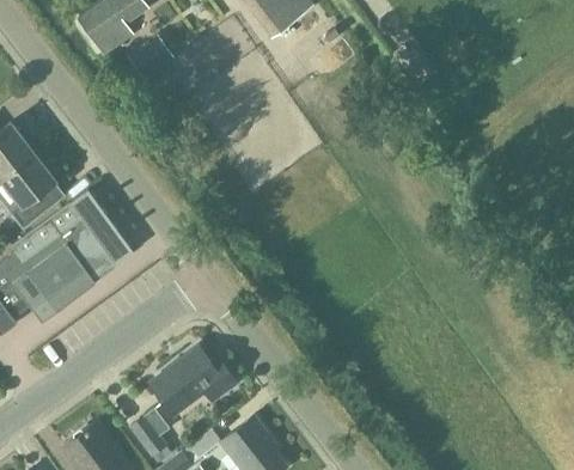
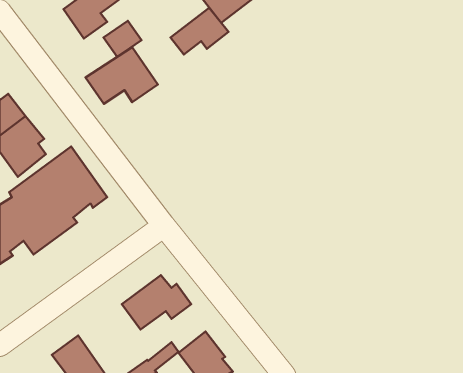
building: none -> [170,8,228,55]
building: none -> [86,47,158,104]
building: [128,414,167,457] -> none

